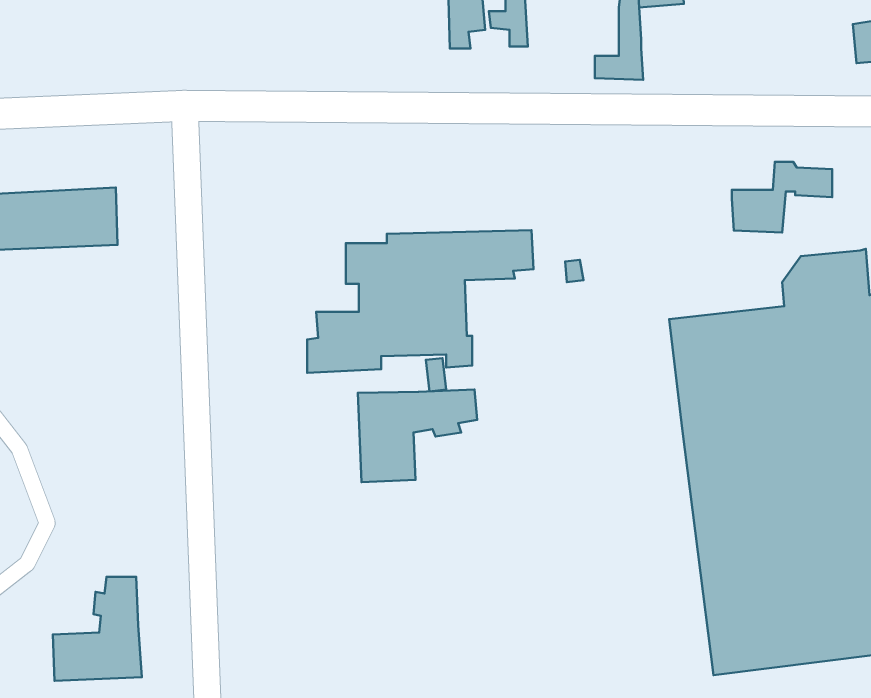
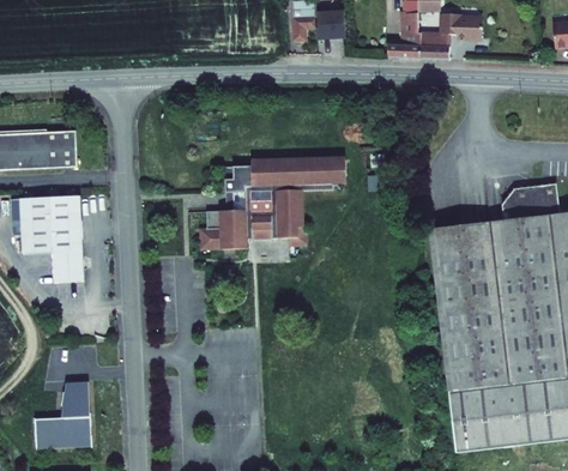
building: [732,162,832,232] -> [415,17,479,62]
building: none -> [20,197,84,283]
building: [358,390,477,482] -> none

